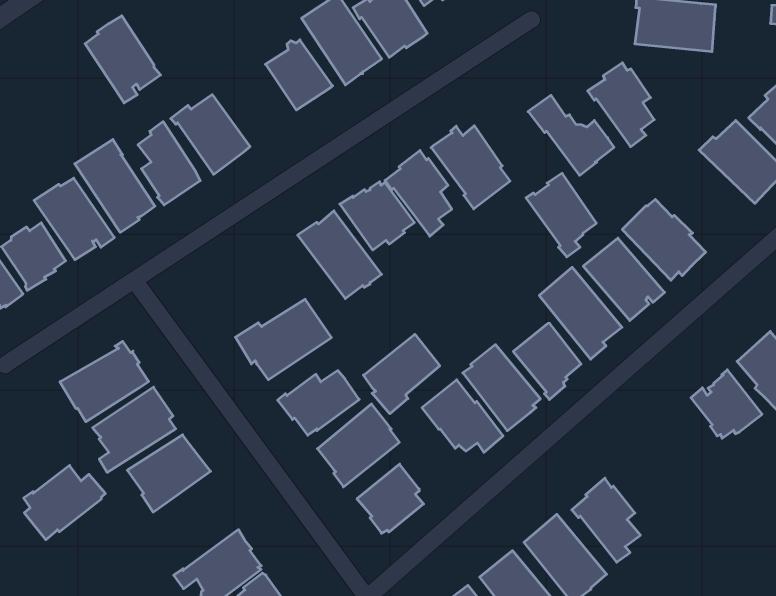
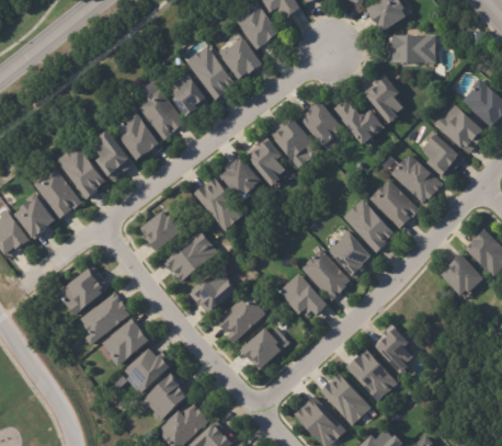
building: [85,16,161,103] -> [138,88,185,140]
building: none -> [421,130,464,180]
building: [526,173,596,257] -> [300,101,344,151]
building: none -> [140,209,185,250]
building: [363,334,440,414] -> none
building: [24,465,105,540] -> [124,347,173,393]

